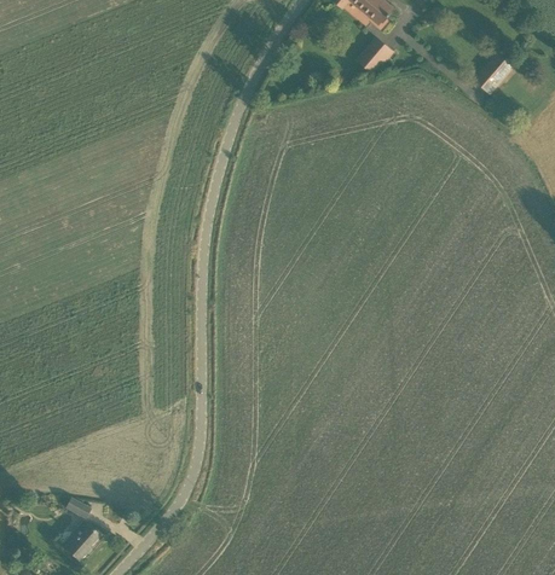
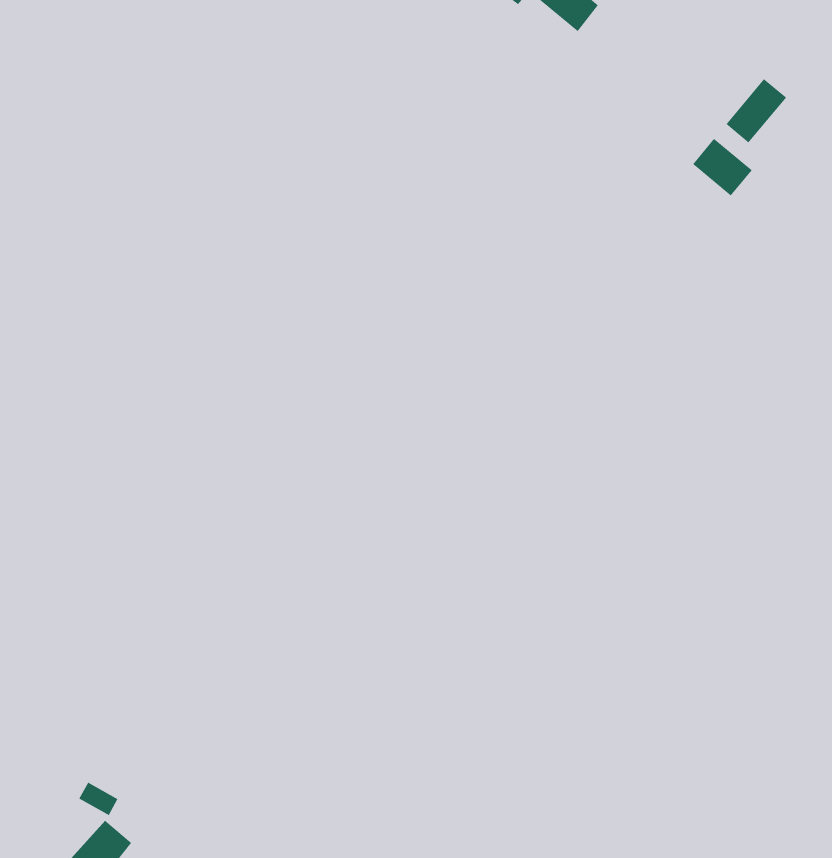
building: [357,37,393,75] -> none
building: none -> [692,138,753,197]

